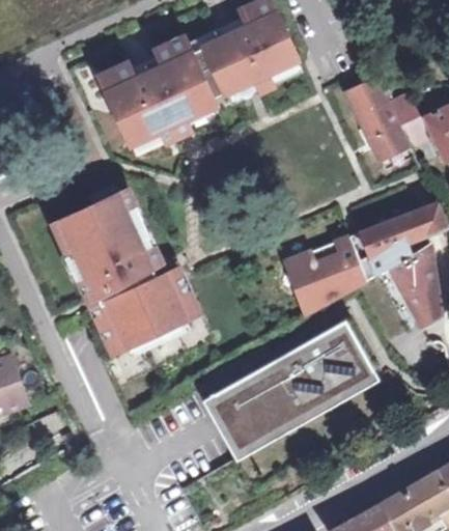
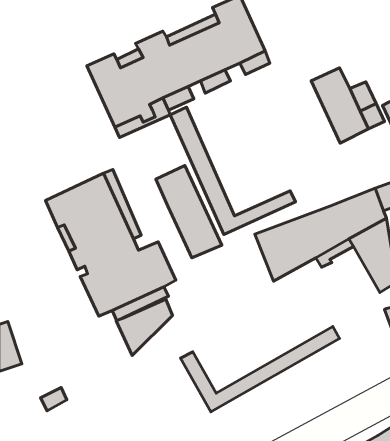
building: none -> [170,107,295,235]
building: none -> [156,165,222,258]
building: [215,317,369,437] -> none
building: none -> [116,299,172,356]

